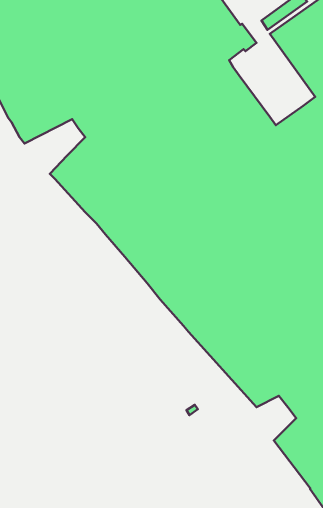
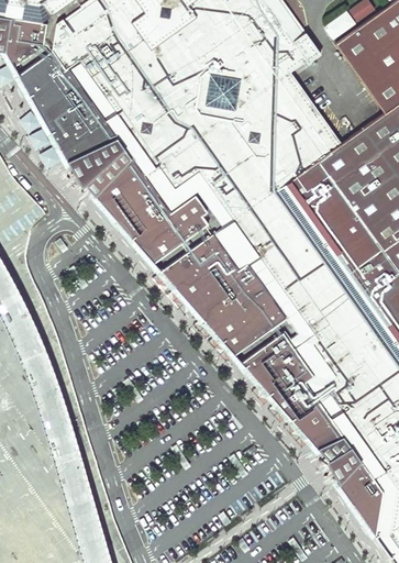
building: none -> [68,137,134,197]
building: none -> [320,438,363,486]

